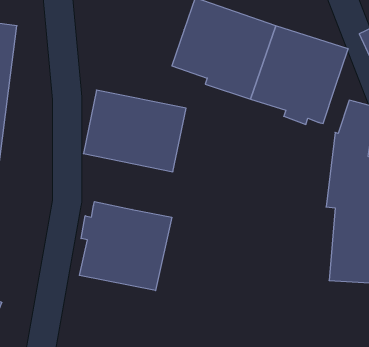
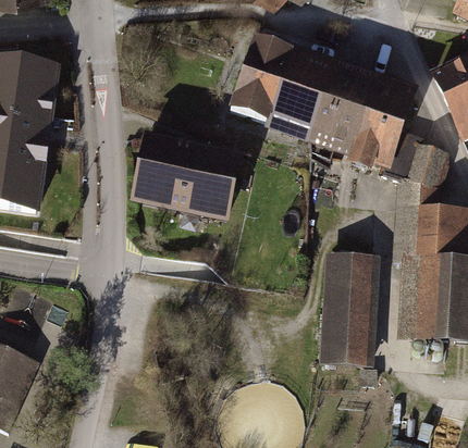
building: none -> [383,129,424,179]
building: none -> [321,252,380,364]
building: [79,202,172,291] -> none

